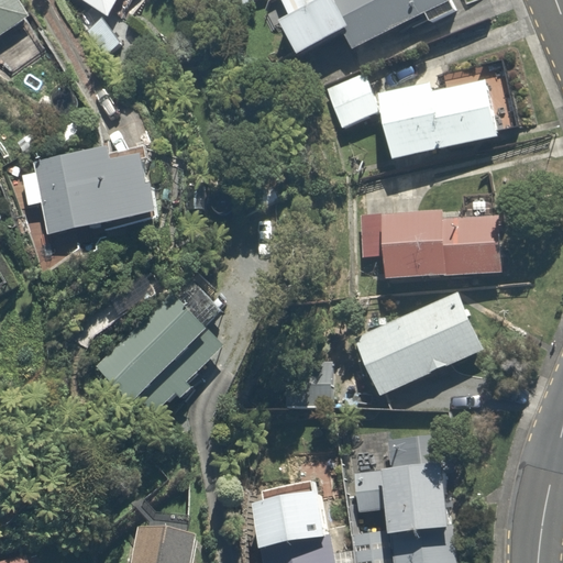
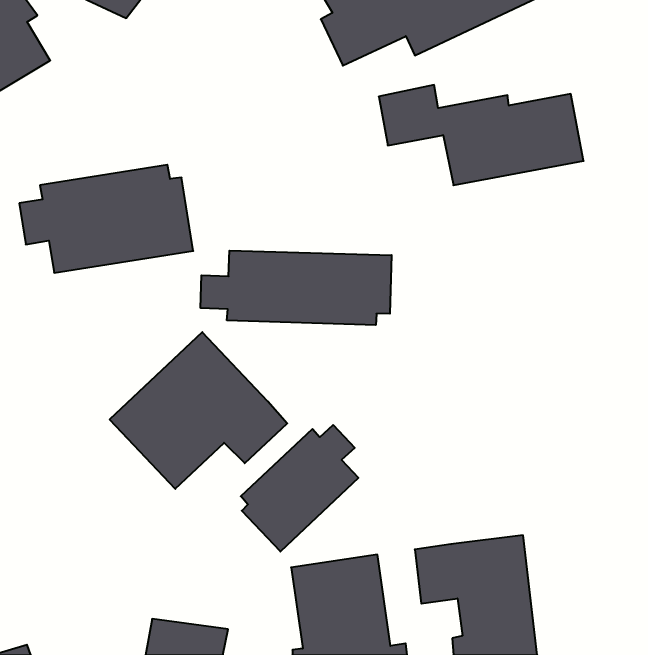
building: [351,207,499,277] -> none
building: none -> [201,251,392,325]
building: [347,289,485,400] -> none
building: none -> [241,425,358,552]

